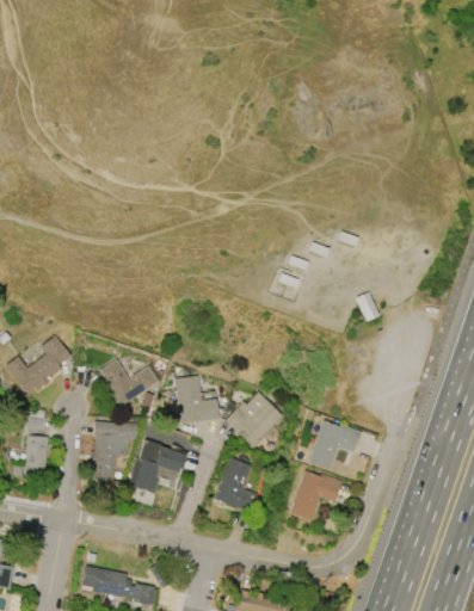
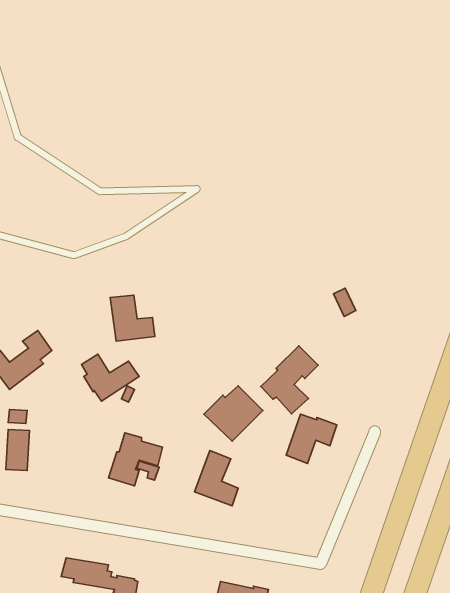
building: none -> [261,346,318,414]
building: [174,376,220,422] -> [110,295,155,341]
building: [90,421,138,481] -> none
building: [289,470,341,519] -> none

